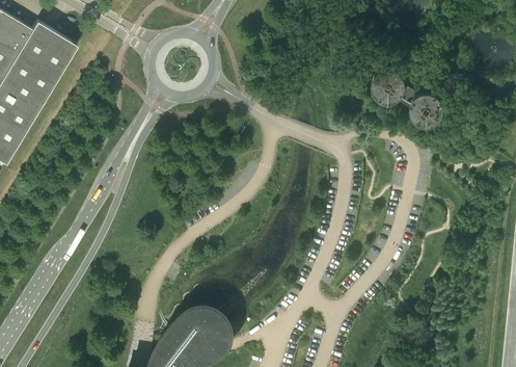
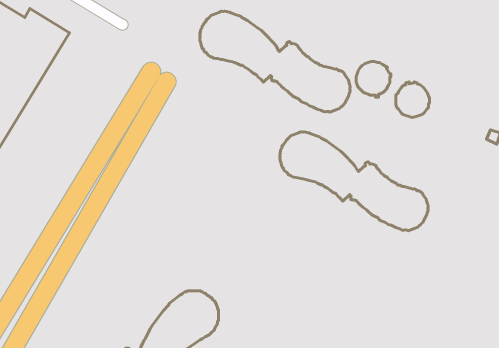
building: none -> [200,11,350,112]
building: none -> [280,132,428,231]

